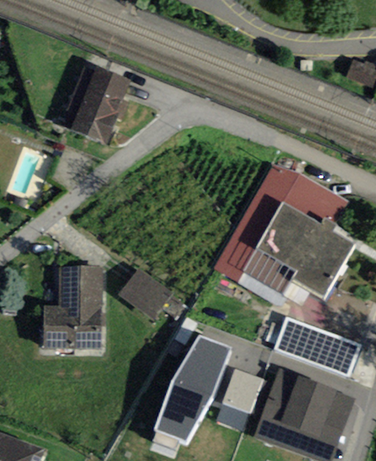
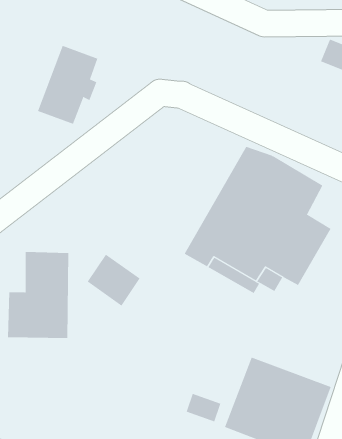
building: [273,317,361,377] -> none
building: [154,335,230,443] -> none
building: [221,368,262,413] -> none

